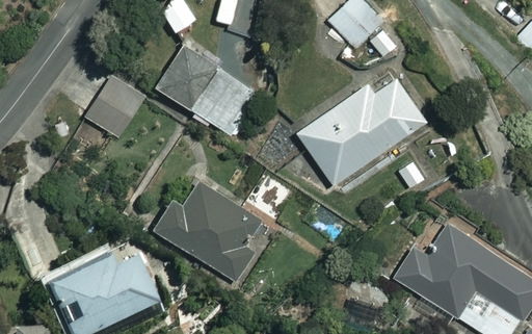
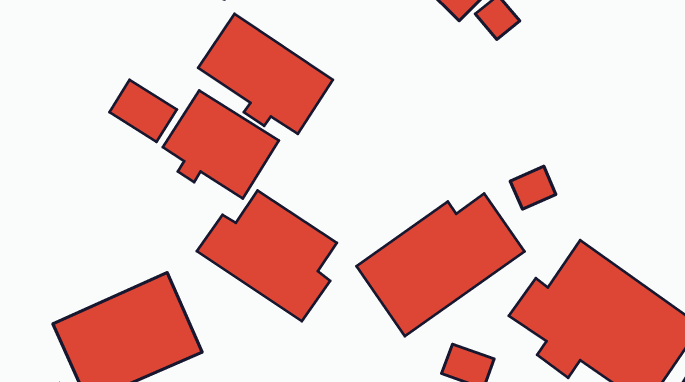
building: [297,76,427,186] -> [356,194,525,336]
building: none -> [163,90,279,198]

